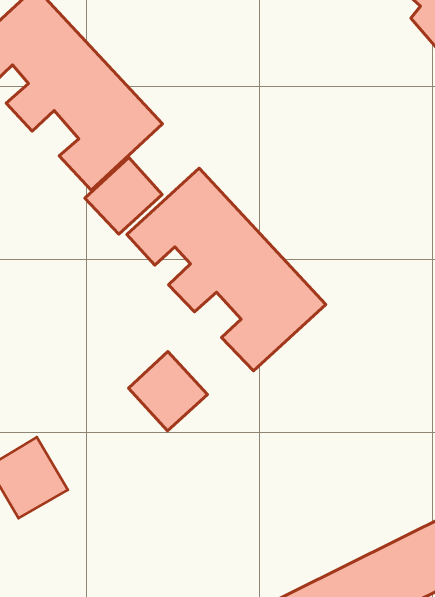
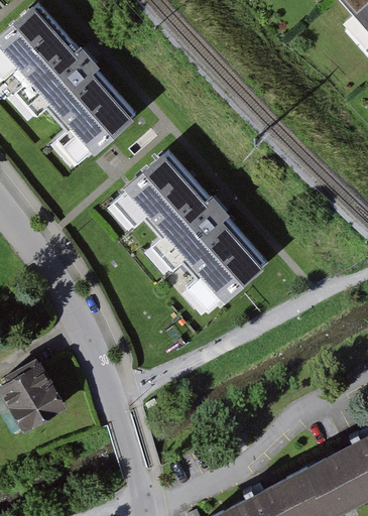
building: [85,158,162,234] -> none
building: [129,351,208,431] -> none

